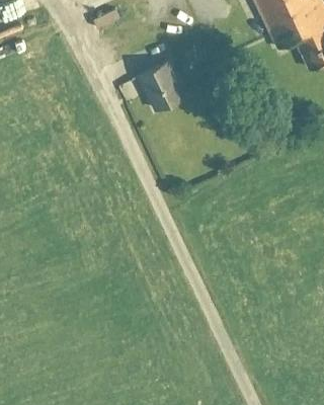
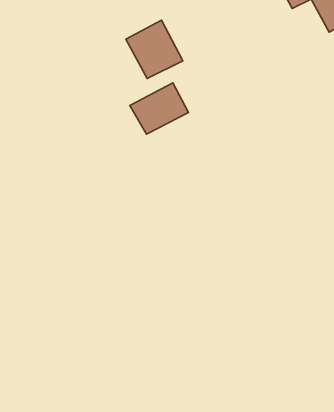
building: none -> [130,83,189,134]

